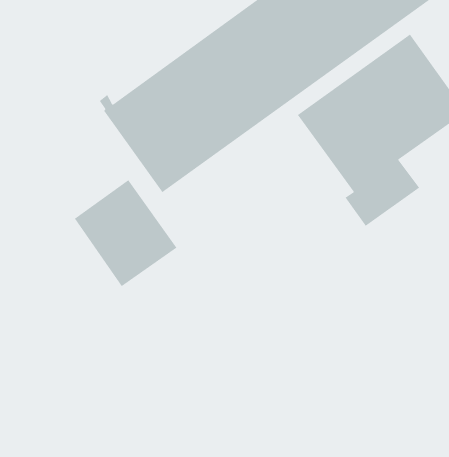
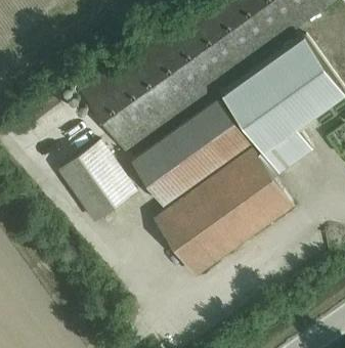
building: none -> [132,101,250,207]
building: none -> [156,149,294,276]

